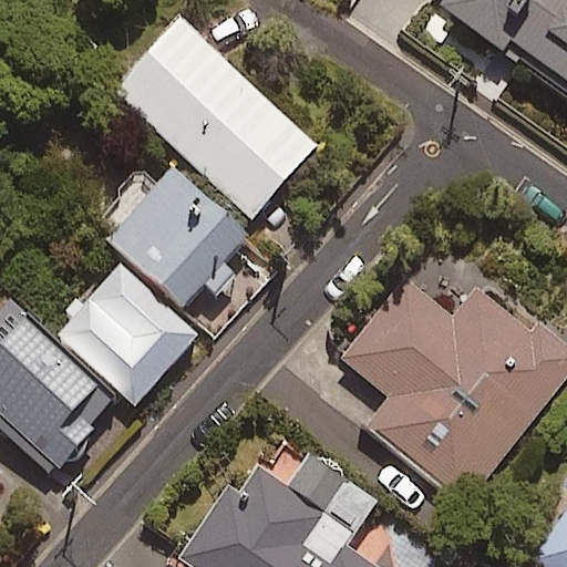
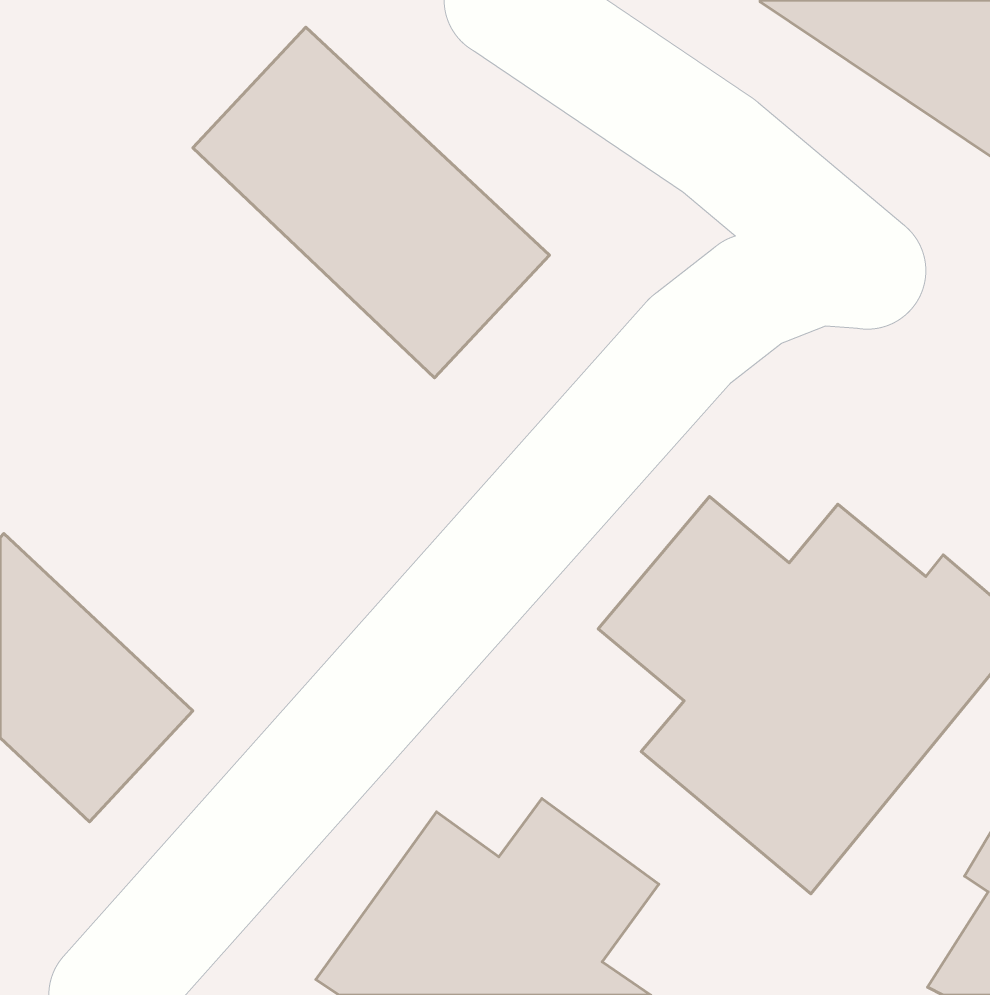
building: [84,163,250,309] -> none
building: [54,264,197,405] -> none

